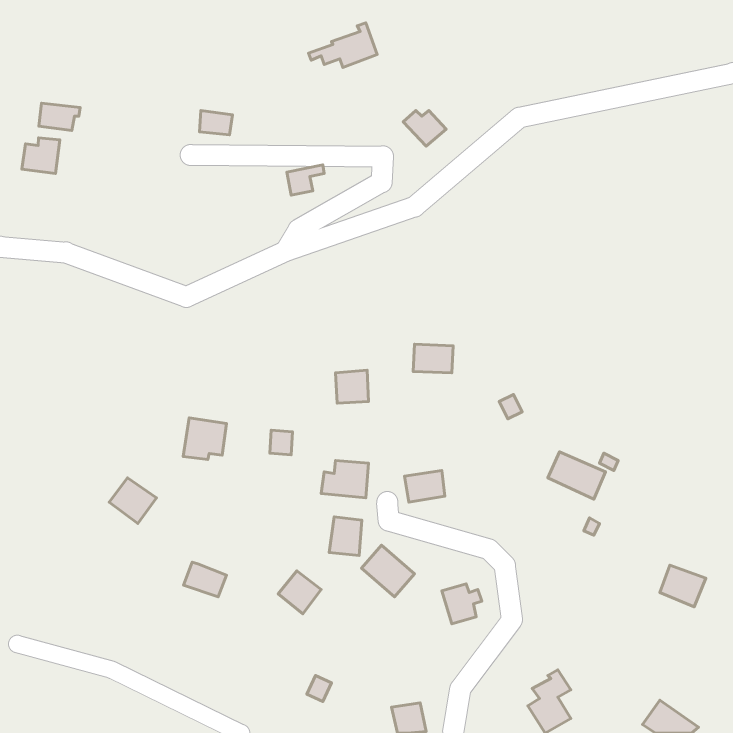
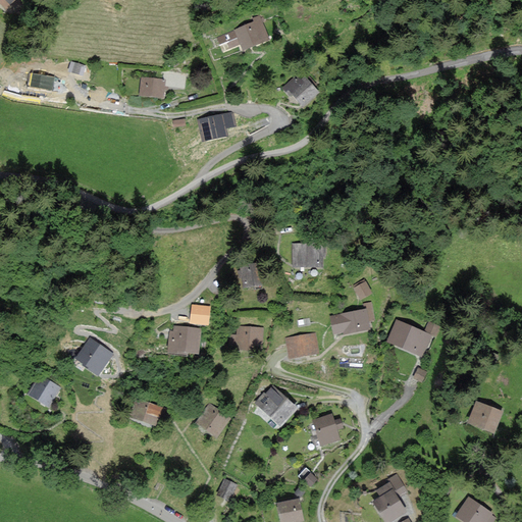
building: [22,138,60,174] -> none
building: [183,418,226,459] -> [169,325,200,355]
building: none -> [332,303,373,333]
building: [329,517,362,556] -> none
building: none -> [31,377,59,405]

